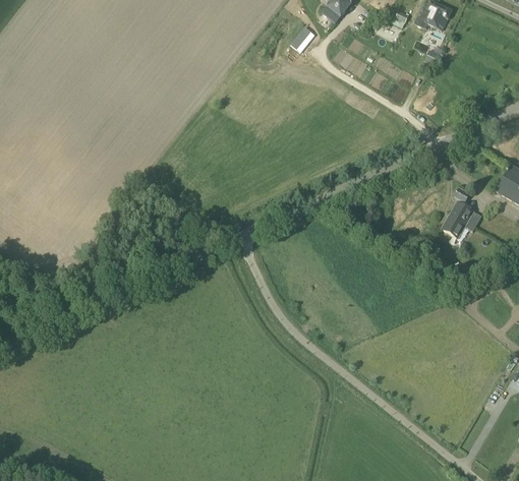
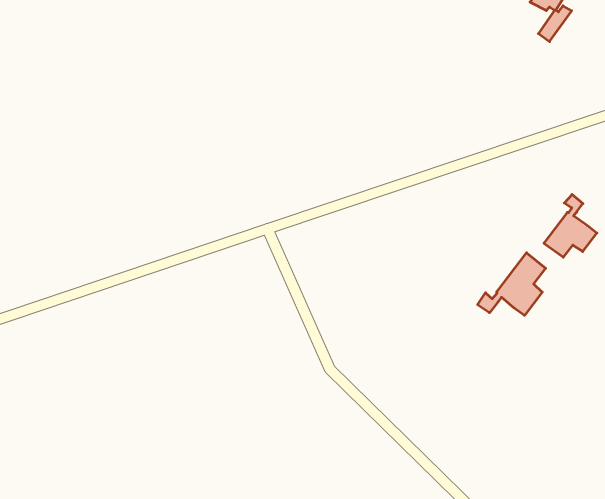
building: none -> [478,253,546,315]

